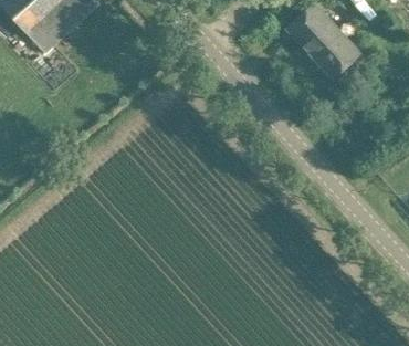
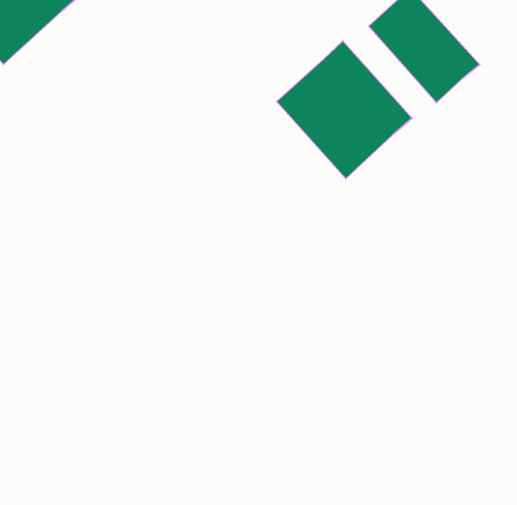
building: none -> [276,41,412,179]

